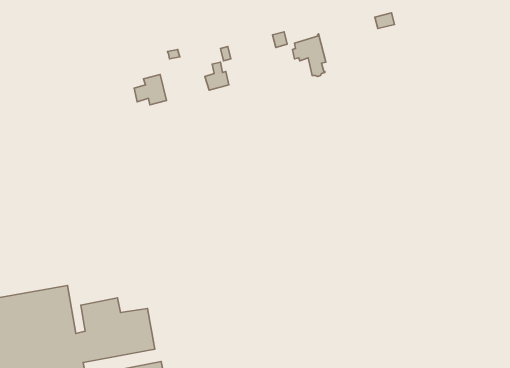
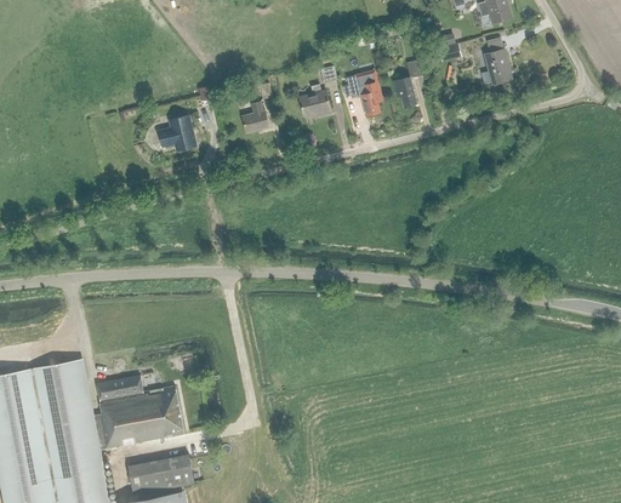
building: none -> [482,48,512,85]
building: none -> [394,61,425,107]
building: none -> [298,85,331,118]

